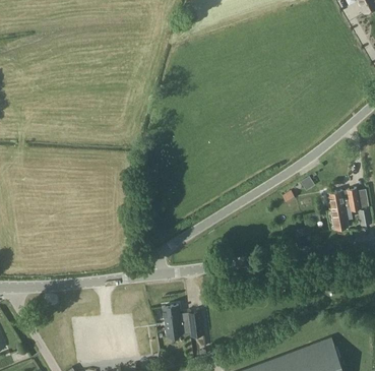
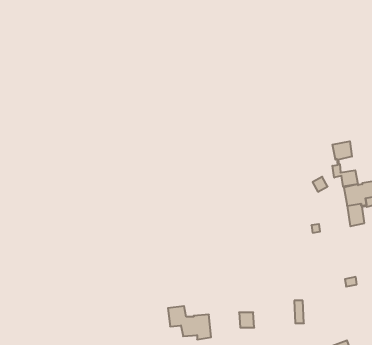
building: none -> [332,141,358,187]

